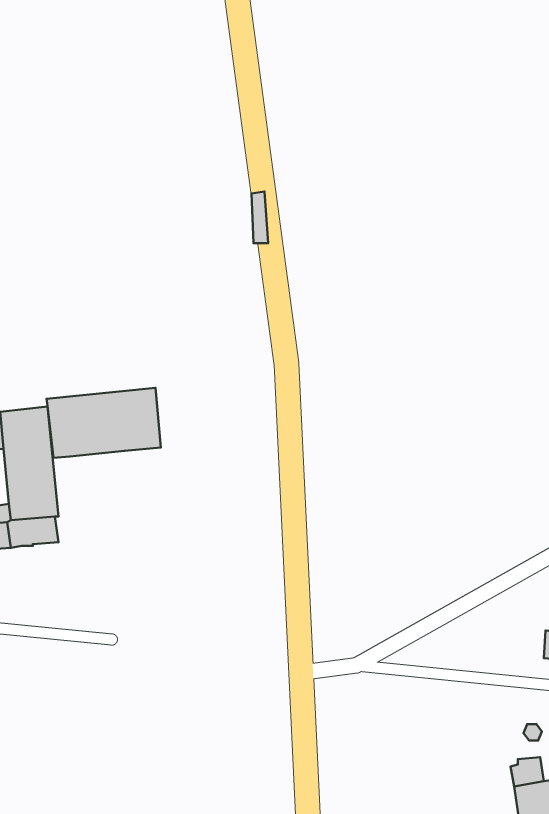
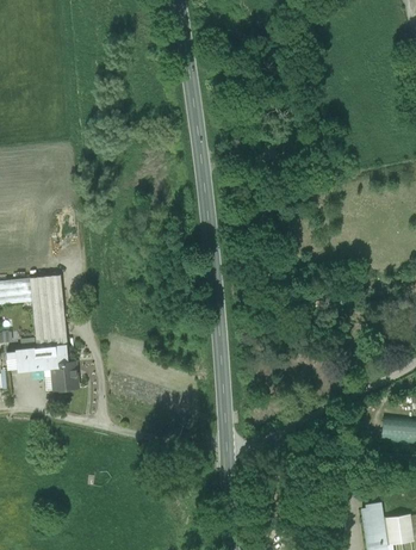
building: [46,388,161,458] -> none
building: none -> [50,361,76,390]

